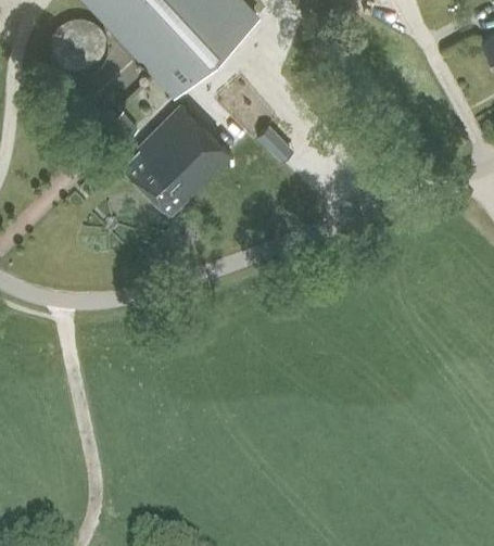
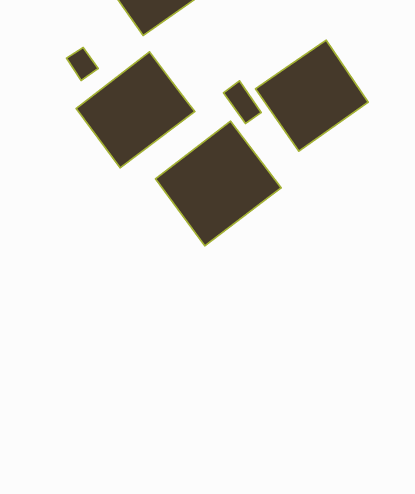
building: none -> [256,40,368,151]
building: none -> [155,121,281,246]

